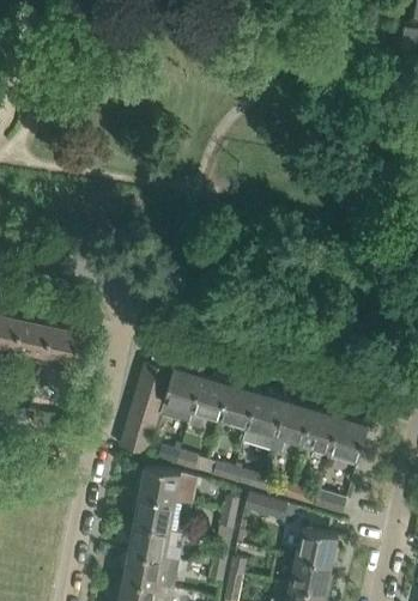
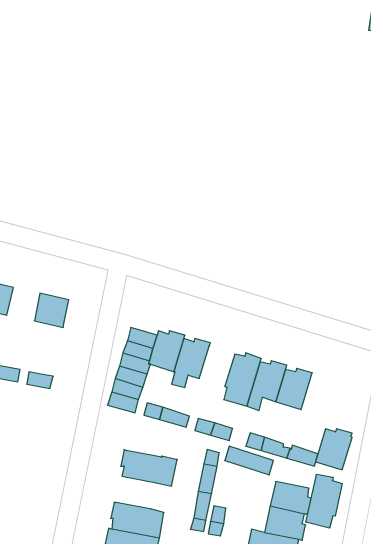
building: [10,320,46,356] -> none
building: [218,382,258,426] -> none
building: [328,415,368,460] -> [316,429,352,470]
building: [138,466,198,505] -> none
building: none -> [306,474,342,528]
building: [127,523,171,559] -> none

